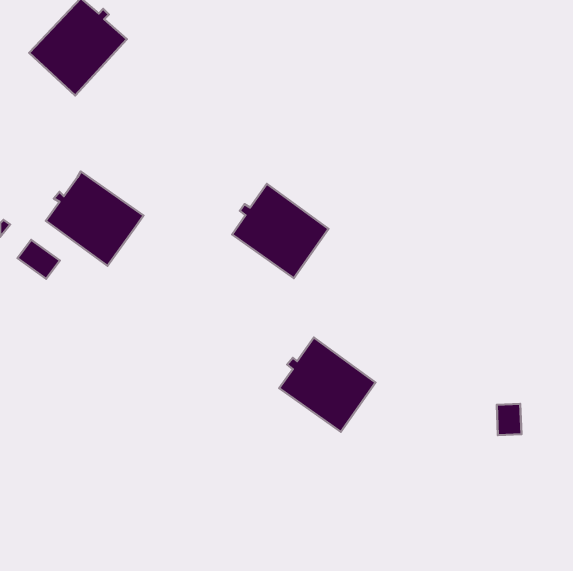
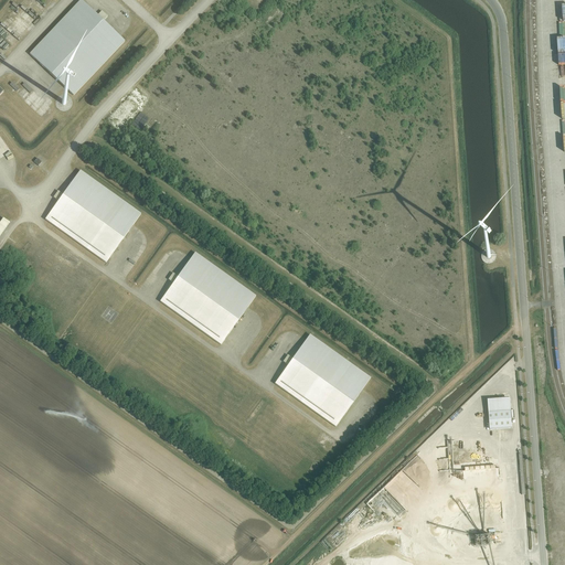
building: [232,184,329,278] -> [160,250,255,343]
building: [17,240,60,279] -> none

